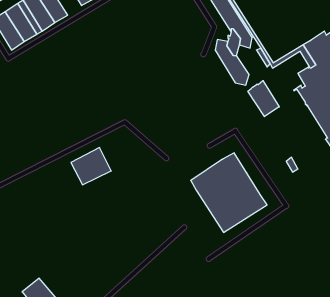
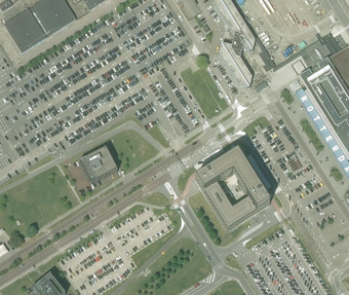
building: [248,81,279,117] -> none

